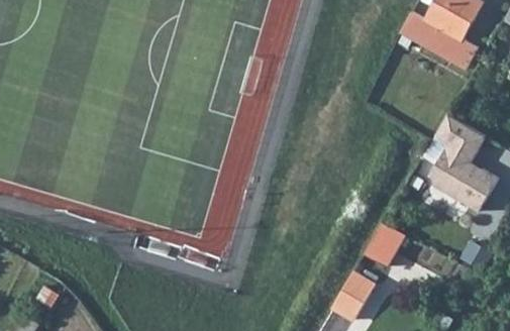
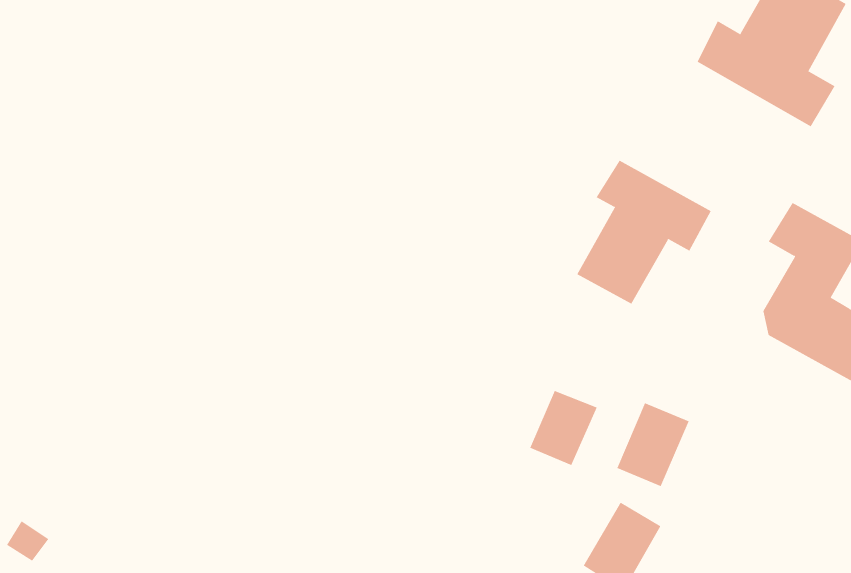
building: none -> [577,160,711,304]
building: none -> [530,390,598,466]

